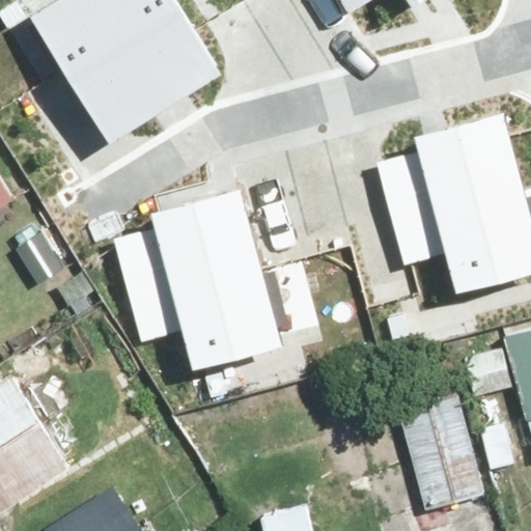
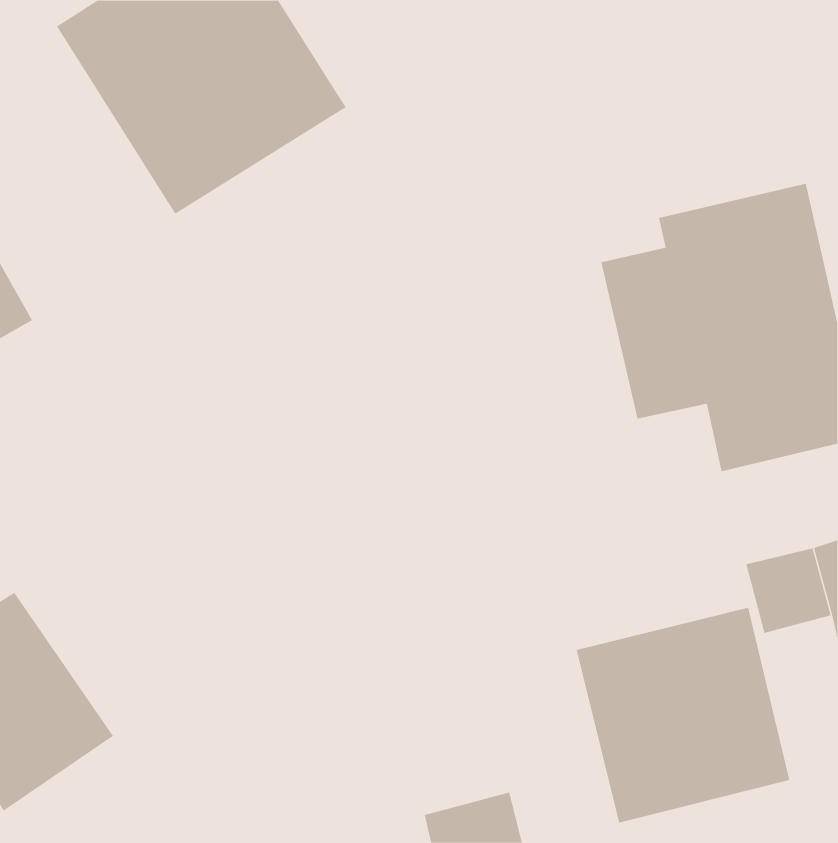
building: [114,193,281,373] -> none

